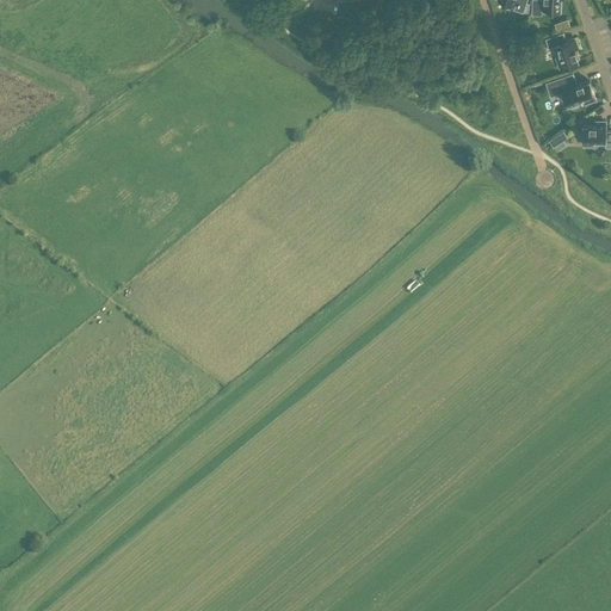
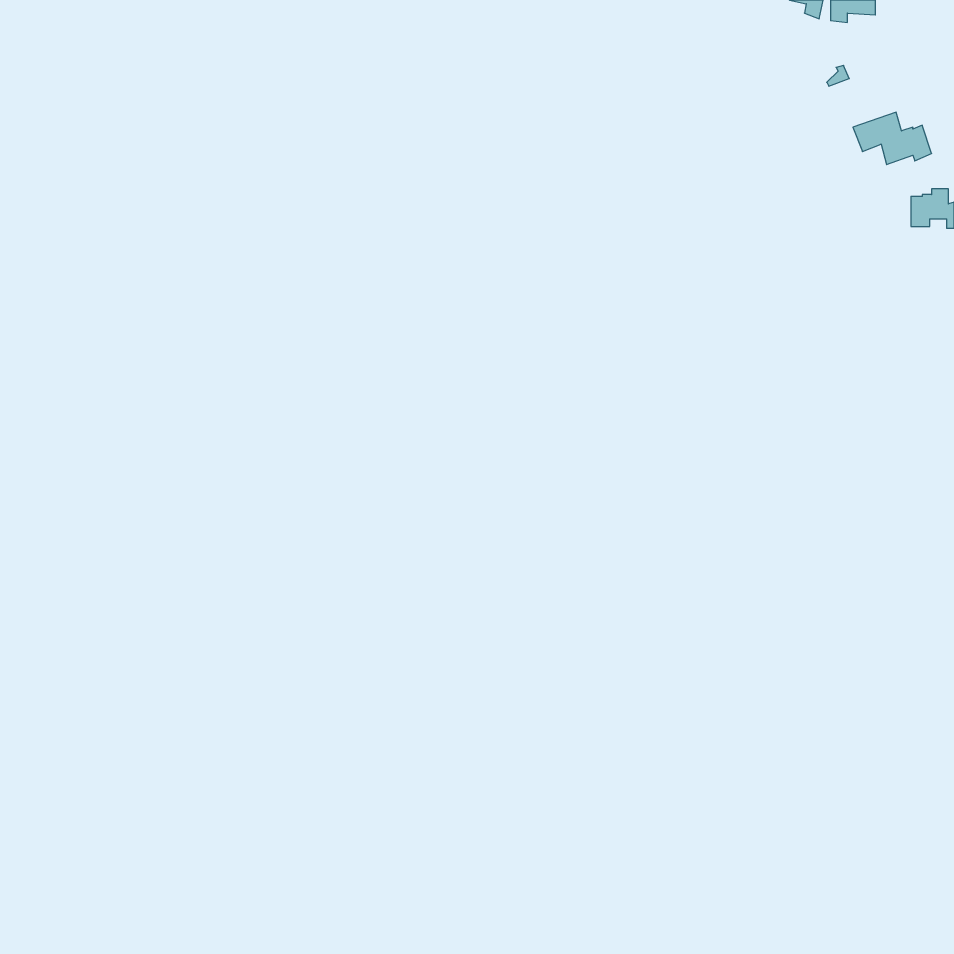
building: [544,32,578,68] -> none

